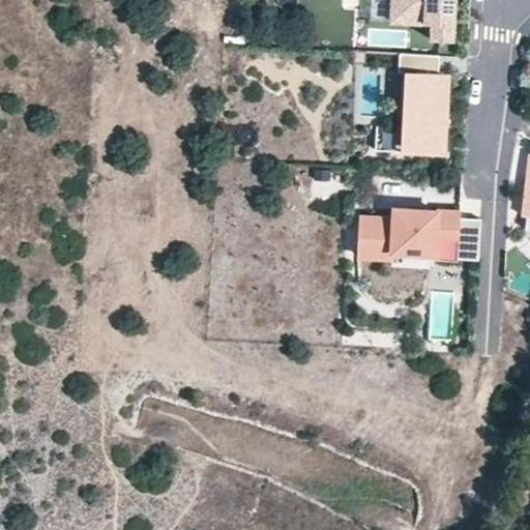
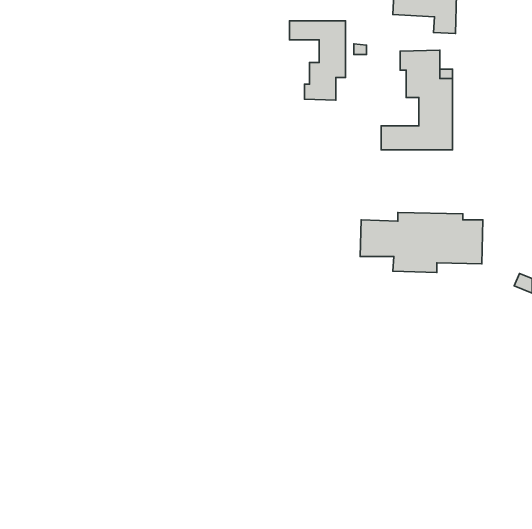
building: none -> [290,21,346,100]

